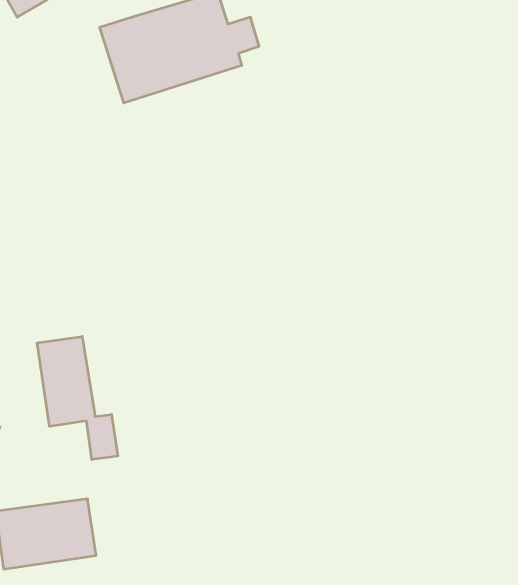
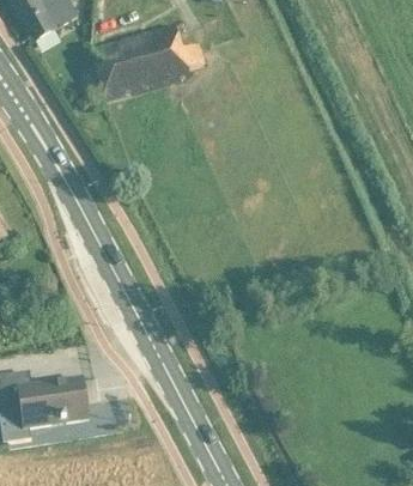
building: [37,336,118,460] -> none

